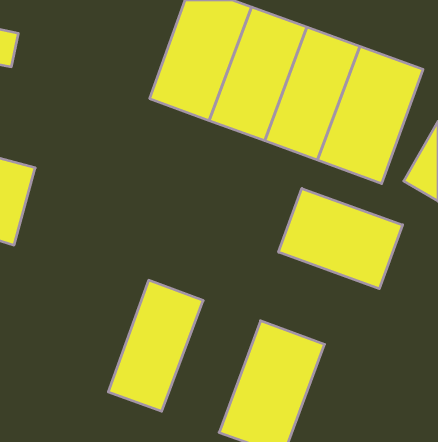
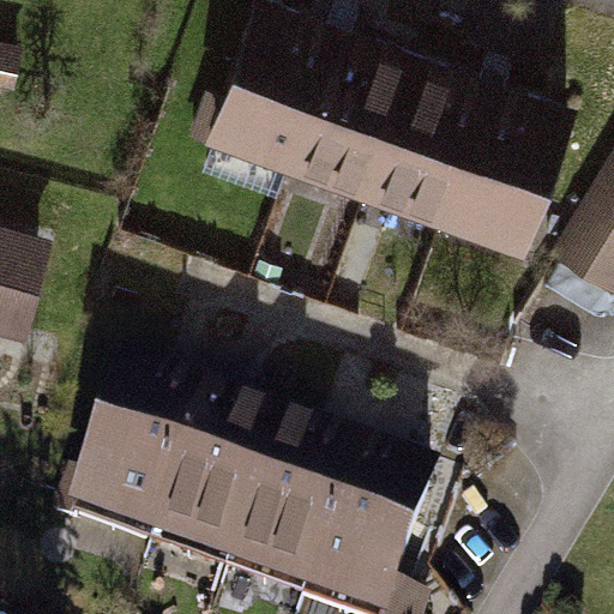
building: [279,188,403,289] -> none
building: none -> [73,366,203,544]
building: none -> [221,420,355,600]

